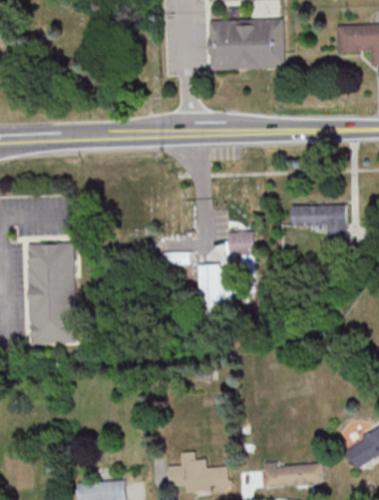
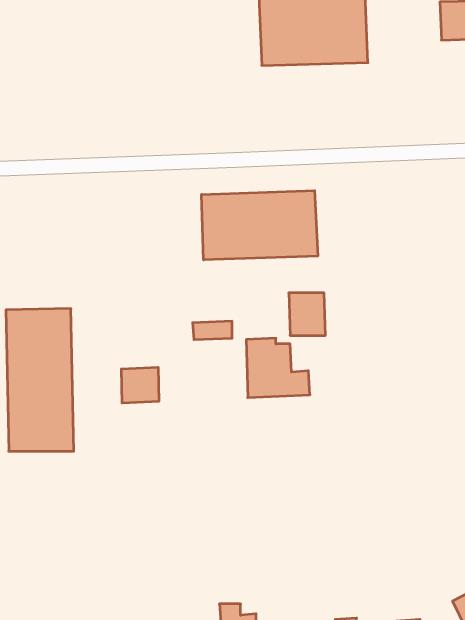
building: none -> [202,191,318,260]
building: [291,204,346,245] -> none
building: none -> [121,367,159,403]

